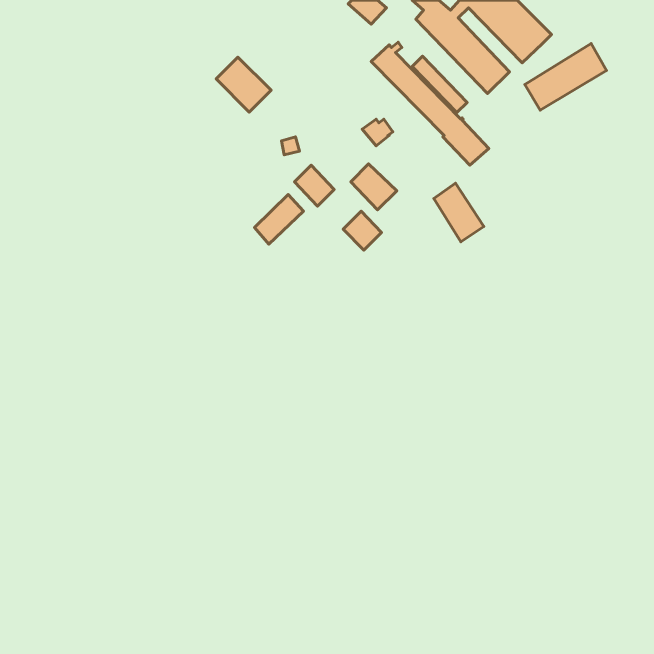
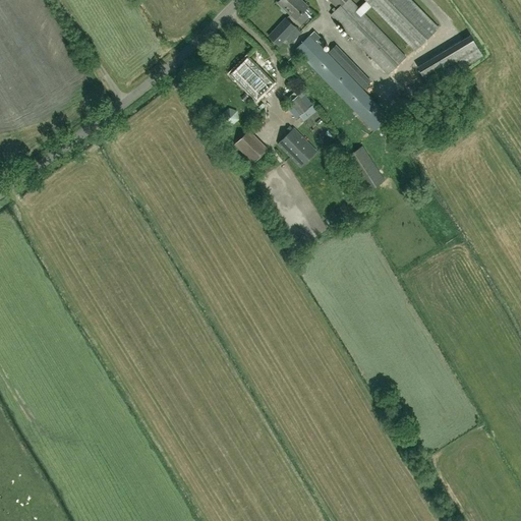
building: none -> [267,17,295,47]
building: [216,57,271,112] -> [229,57,273,101]
building: [255,194,304,244] -> none
building: [343,211,382,250] -> none

